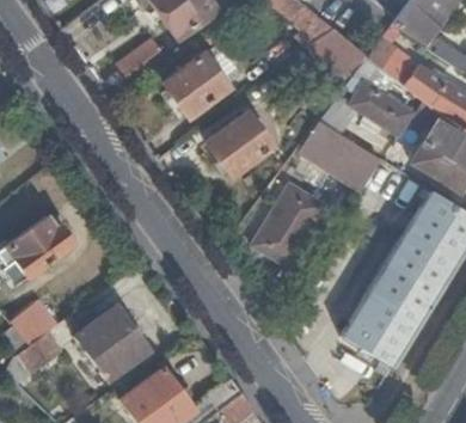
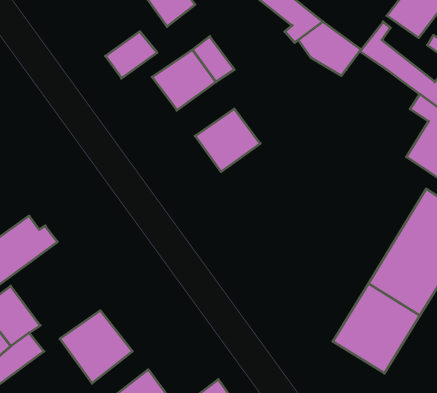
building: [349,57,411,135] -> none
building: [305,119,384,192] -> none
building: [255,185,327,266] -> none

